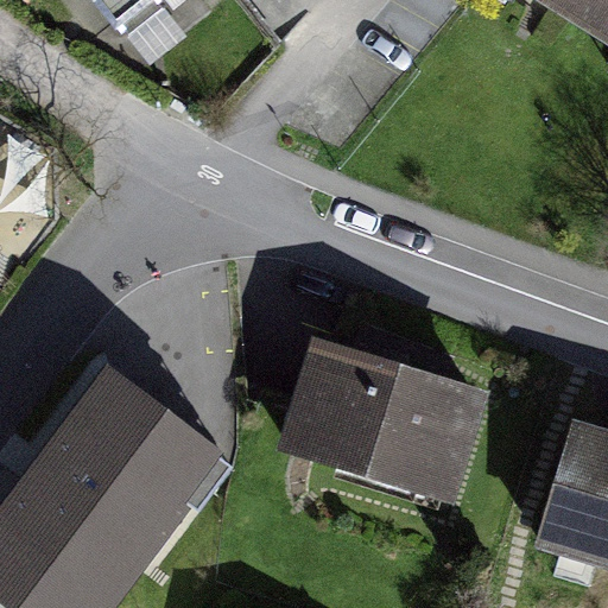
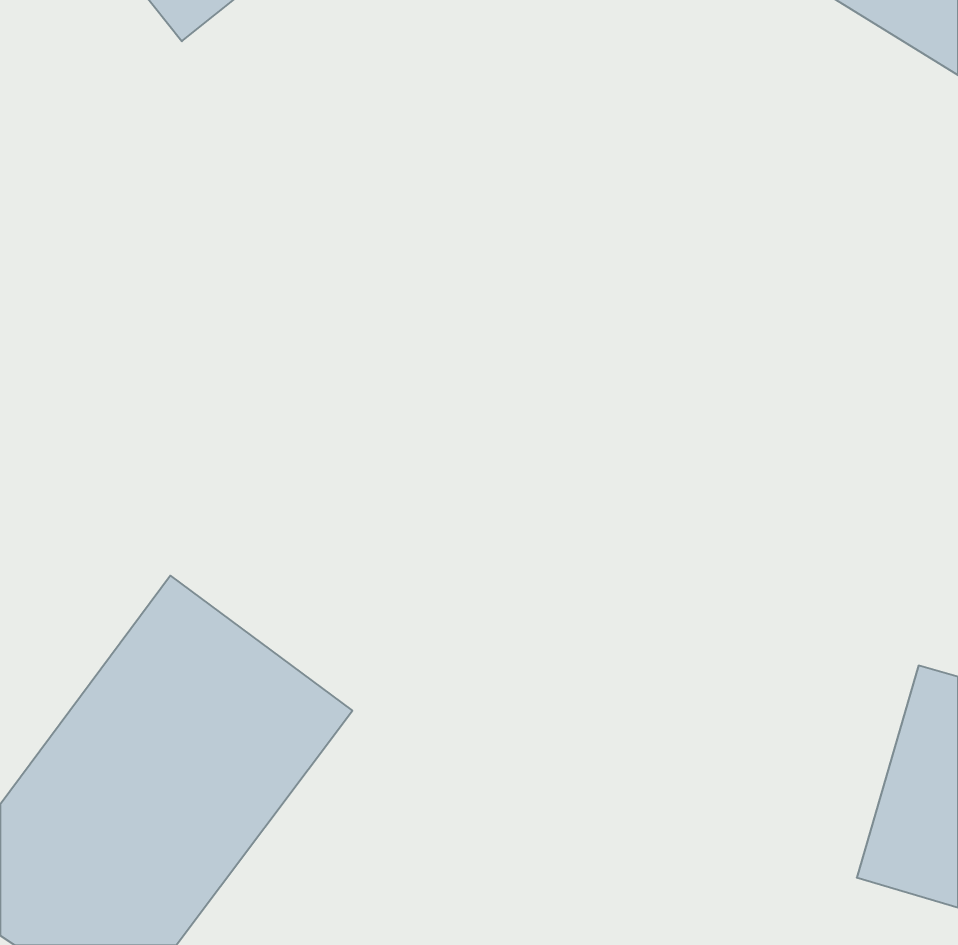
building: [297,343,480,505] -> none

